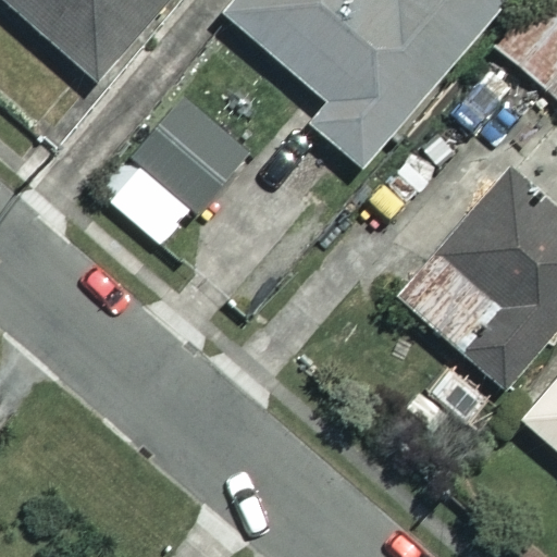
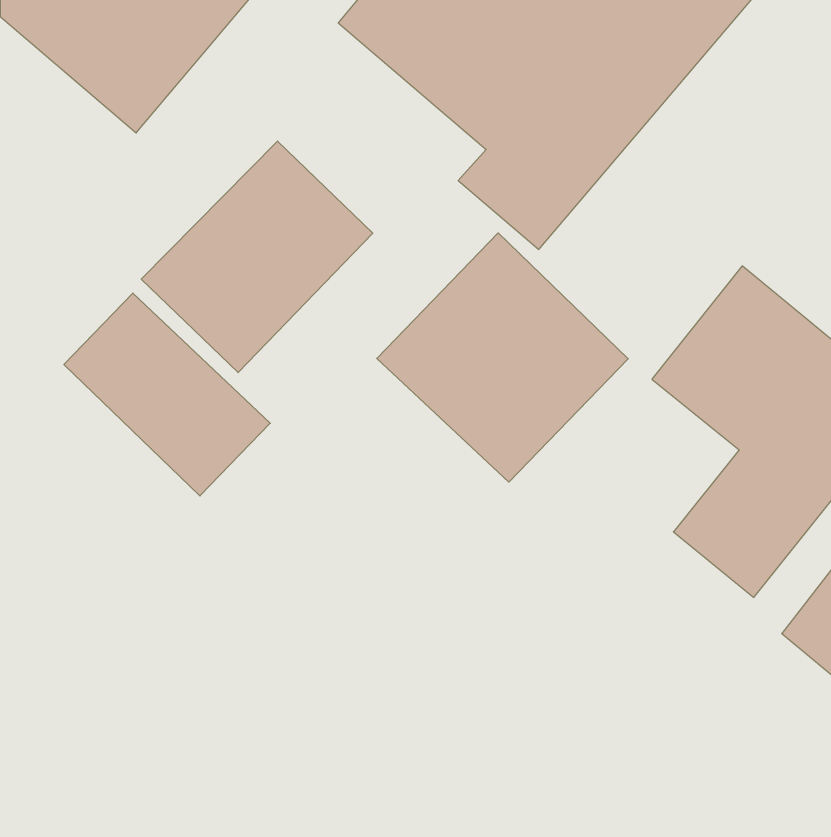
building: none -> [377,233,628,482]
building: none -> [64,293,270,496]

